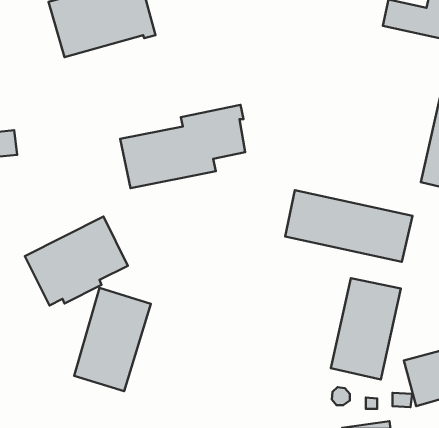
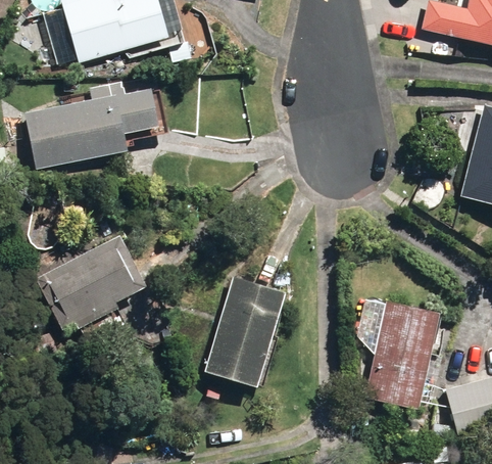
building: [120,105,245,188] -> [28,75,162,165]
building: [285,190,412,262] -> none
building: [74,288,151,391] -> [204,276,287,387]

